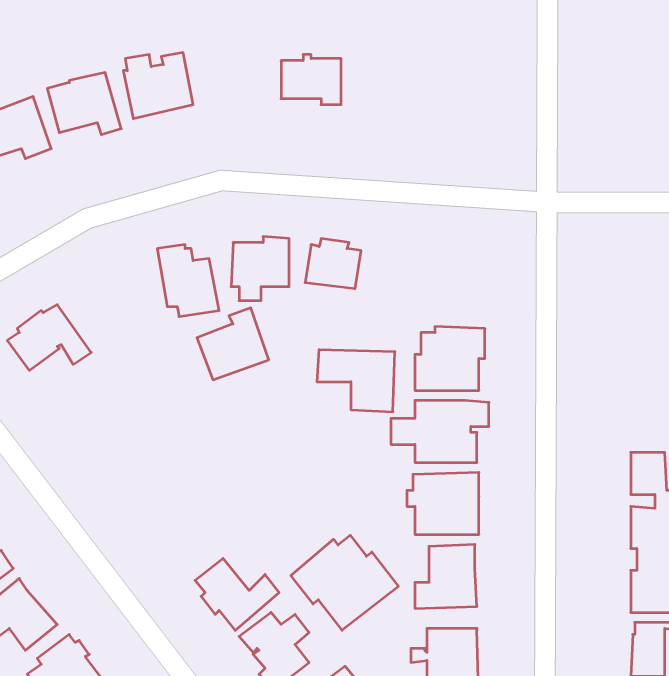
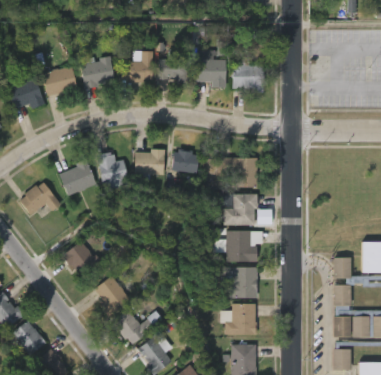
building: none -> [121,51,153,84]
building: none -> [232,57,263,93]
building: none -> [196,61,226,88]
building: [197,308,269,380] -> [61,160,97,196]
building: [317,350,395,412] -> [220,158,259,189]
building: none -> [61,241,103,279]
building: none -> [94,276,130,317]
building: [291,535,398,630] -> none

